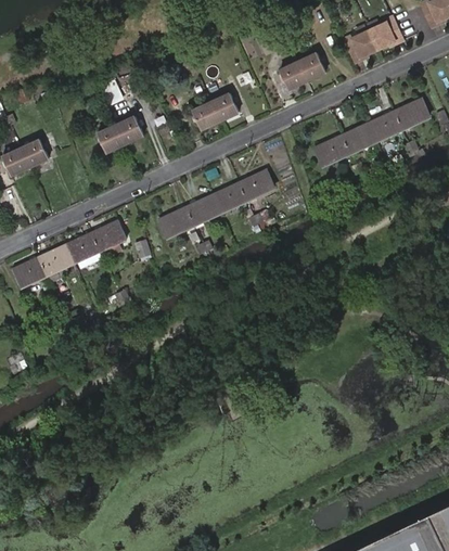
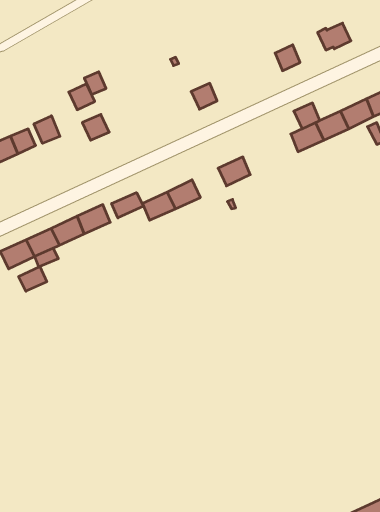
building: [369,17,401,49] -> none
building: [279,62,306,89] -> [294,103,320,129]
building: [192,102,219,129] -> none
building: [116,117,143,144] -> [69,84,95,110]
building: none -> [34,116,60,143]
building: [211,182,247,213] -> none
building: none -> [112,193,144,218]
building: none -> [19,266,47,291]

